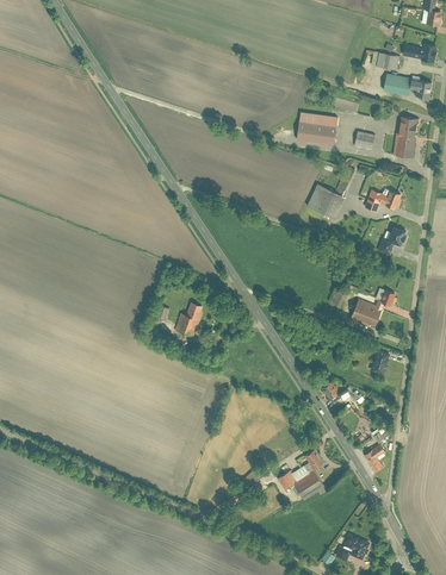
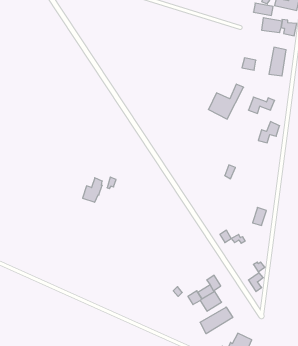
building: [297,112,337,144] -> none
building: [351,286,396,326] -> none
building: [174,300,203,336] -> [83,178,102,202]
building: none -> [200,307,233,334]

